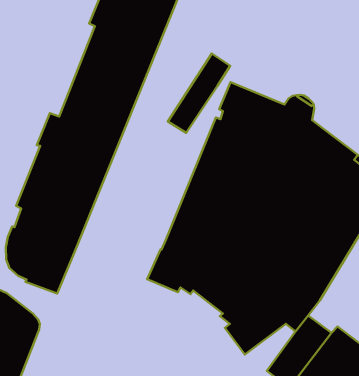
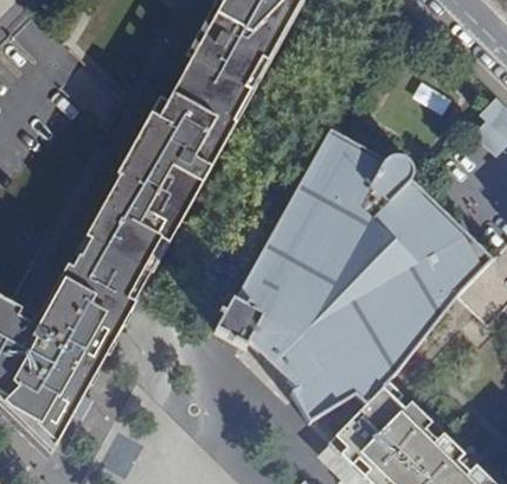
building: [168,53,230,133] -> none

